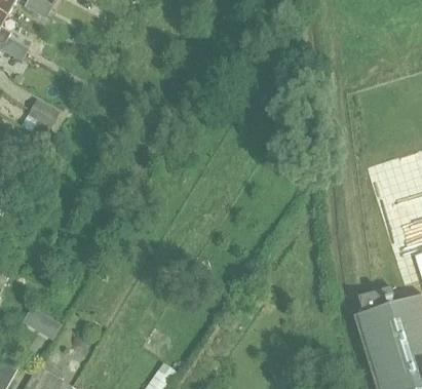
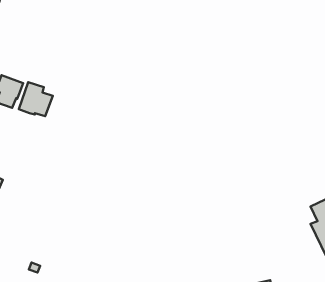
building: none -> [19,82,53,116]

